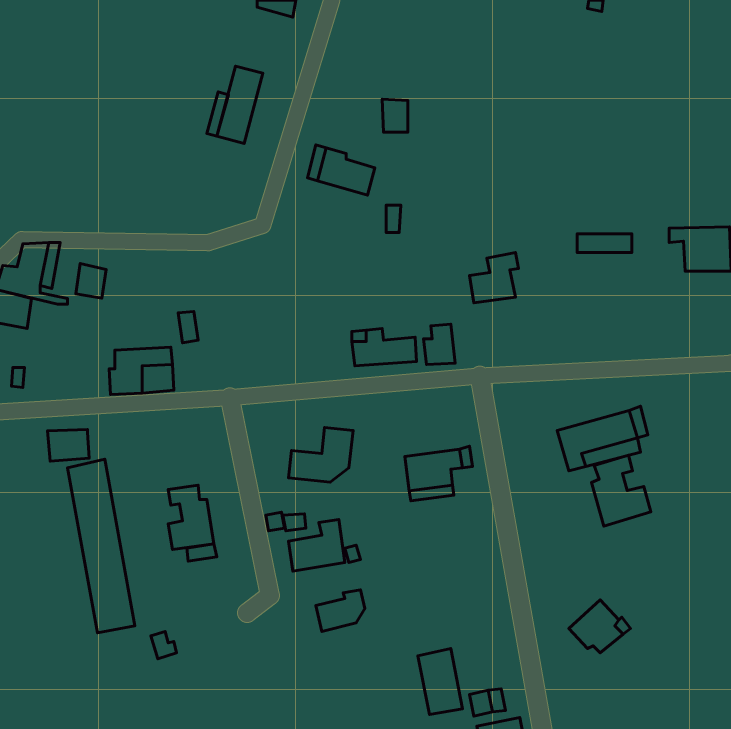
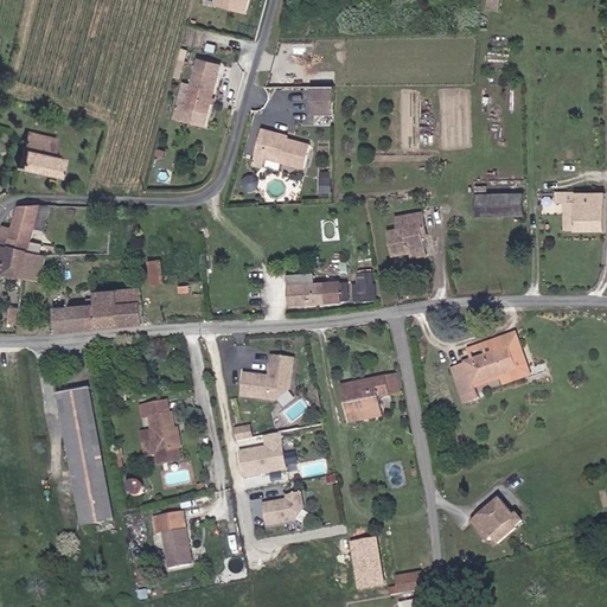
building: none -> [18,128,60,174]
building: [76,264,106,298] -> [23,250,47,279]
building: [47,429,89,461] -> [57,306,91,332]
building: [591,455,651,526] -> none
building: none -> [153,512,191,568]

